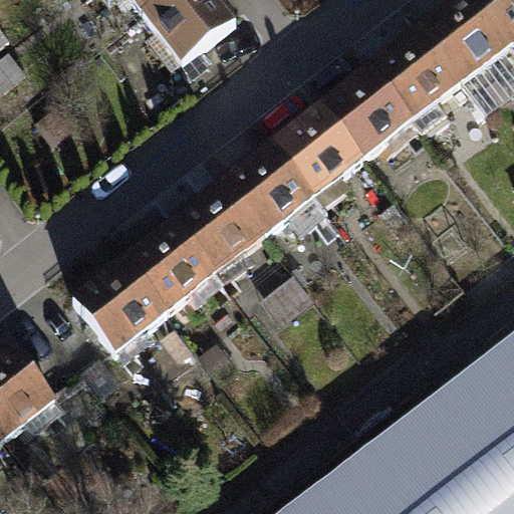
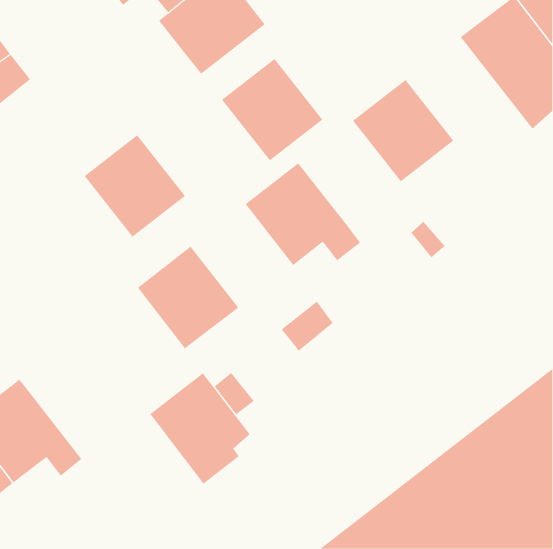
building: [371,34,465,128] -> none
building: [273,110,366,205] -> [221,58,323,161]
building: [175,187,268,281] -> [84,134,186,238]
building: [76,263,169,365] -> [150,373,250,485]

